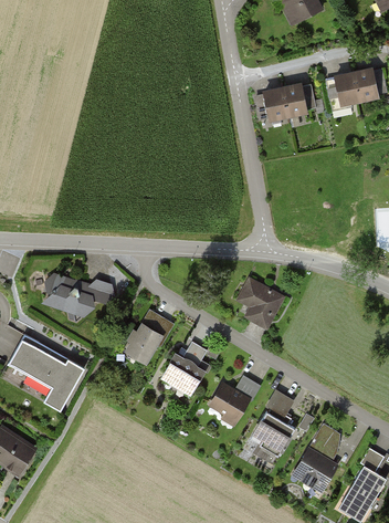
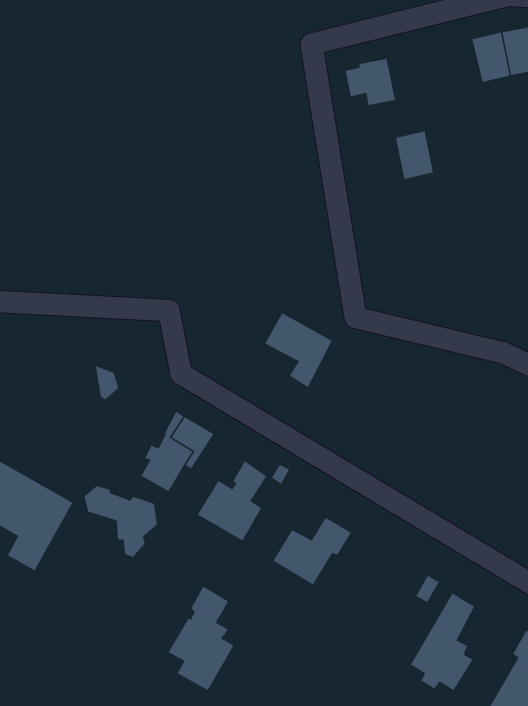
building: [281,85,305,116] -> [395,131,434,180]
building: [44,275,91,321] -> [84,486,158,558]
building: [238,280,281,327] -> [264,312,333,388]
building: [252,391,294,458] -> [168,585,234,691]

